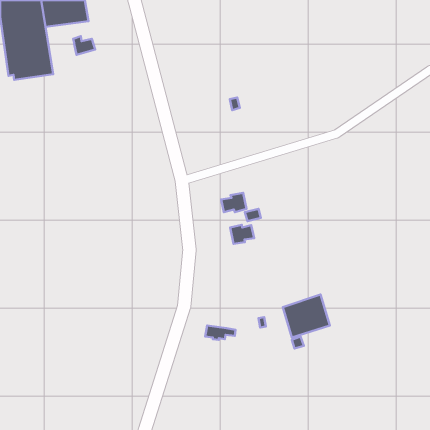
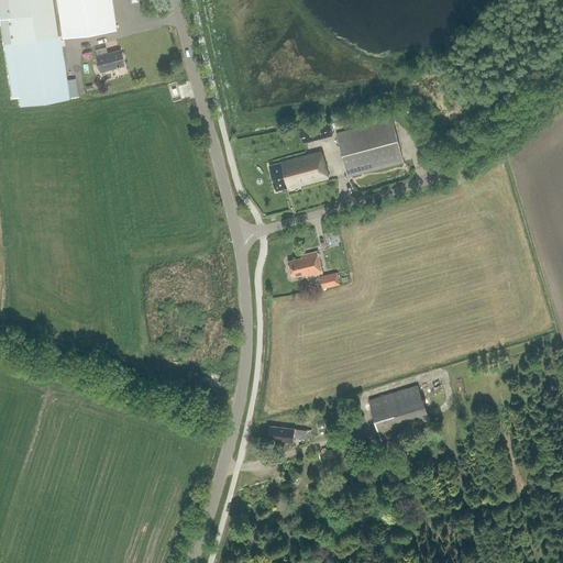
building: none -> [336,120,404,176]
building: none -> [269,151,330,191]
building: [230,225,254,244] -> none

